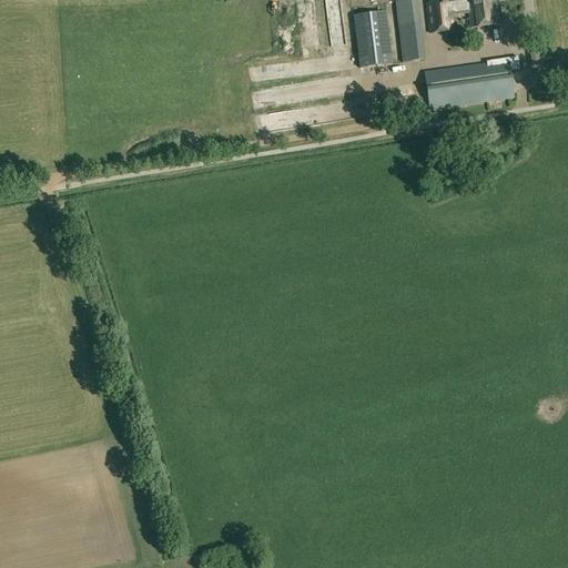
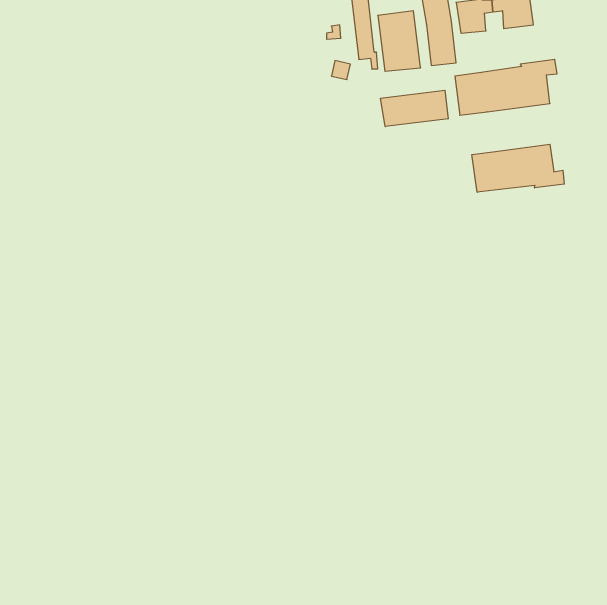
building: none -> [381,90,448,127]
building: none -> [472,144,564,192]

